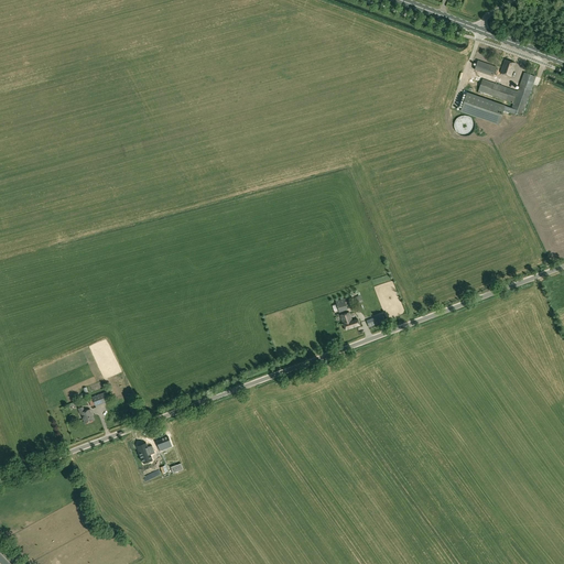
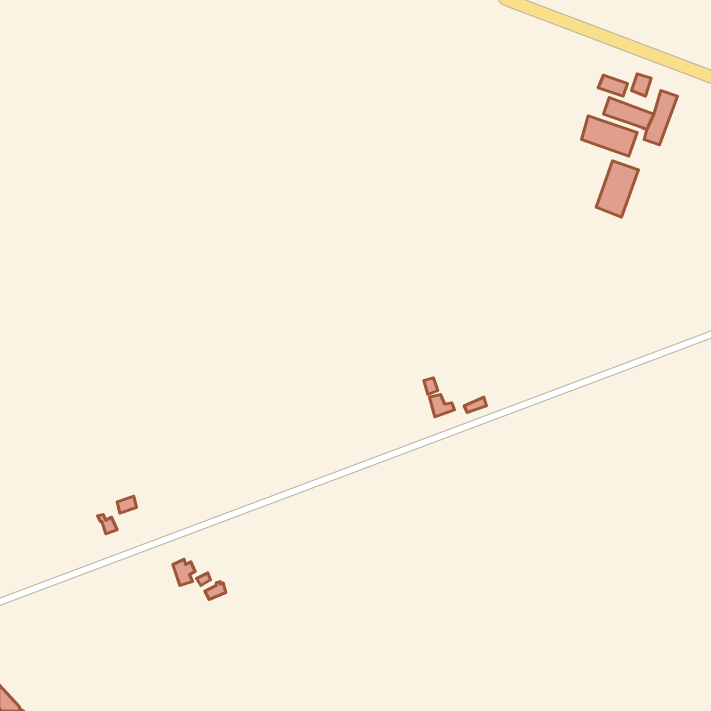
building: none -> [596,161,639,217]

